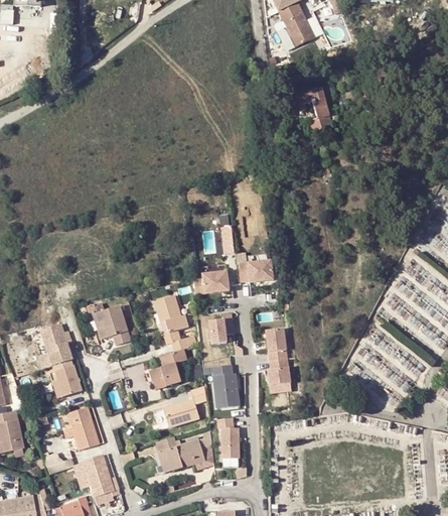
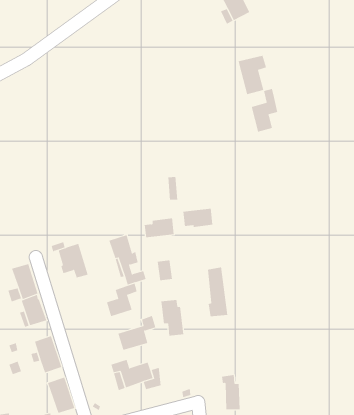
building: none -> [251,88,278,133]
building: [217,419,240,460] -> [221,375,240,410]

